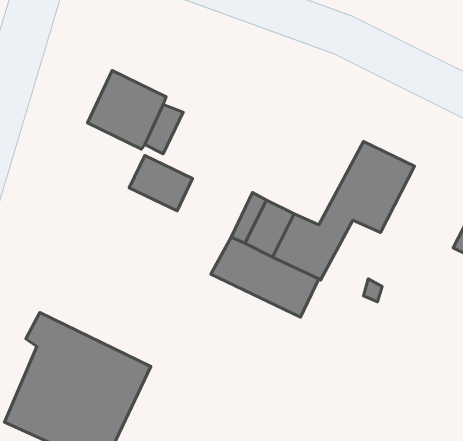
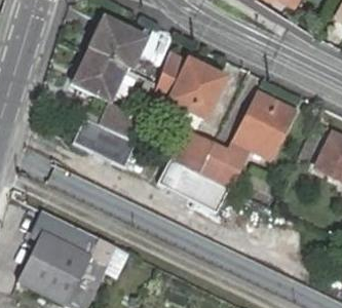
building: none -> [89,22,145,70]
building: none -> [153,54,223,119]
building: none -> [73,121,135,169]

